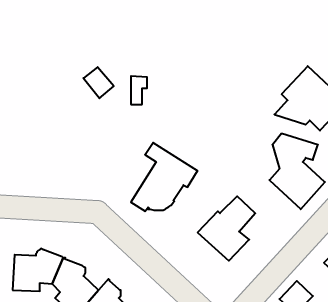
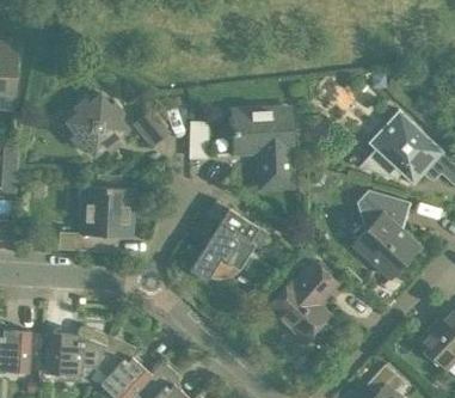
building: none -> [66,94,128,158]
building: none -> [233,109,291,188]
building: none -> [57,186,134,252]

